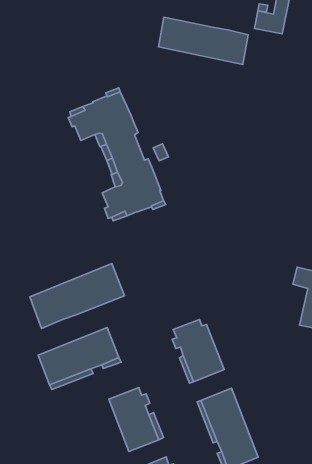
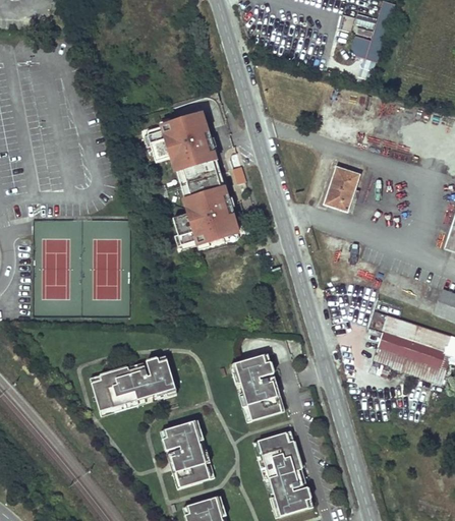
building: [158,17,248,65] -> none
building: none -> [325,166,359,210]
building: [30,263,124,328] -> none

